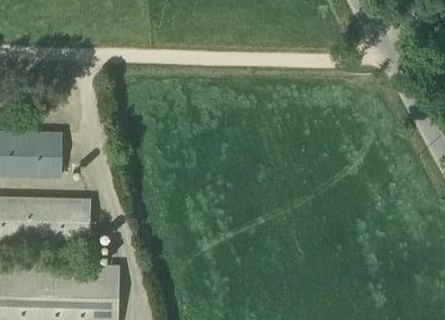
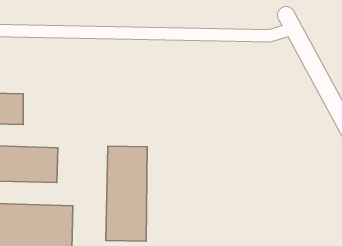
building: none -> [106,146,147,241]

